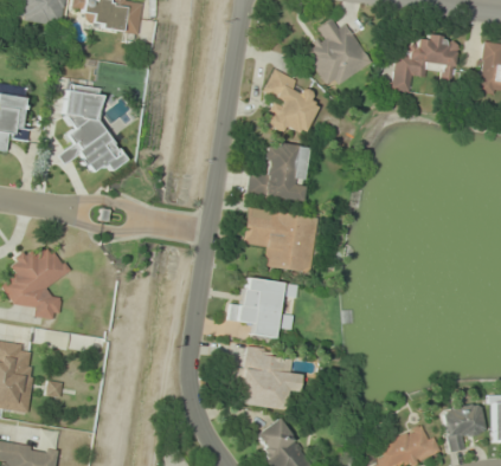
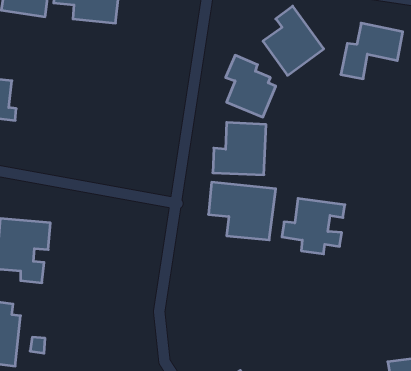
building: [57,83,126,171] -> none
building: [229,277,298,338] -> [282,198,345,254]
building: [227,345,302,410] -> none

